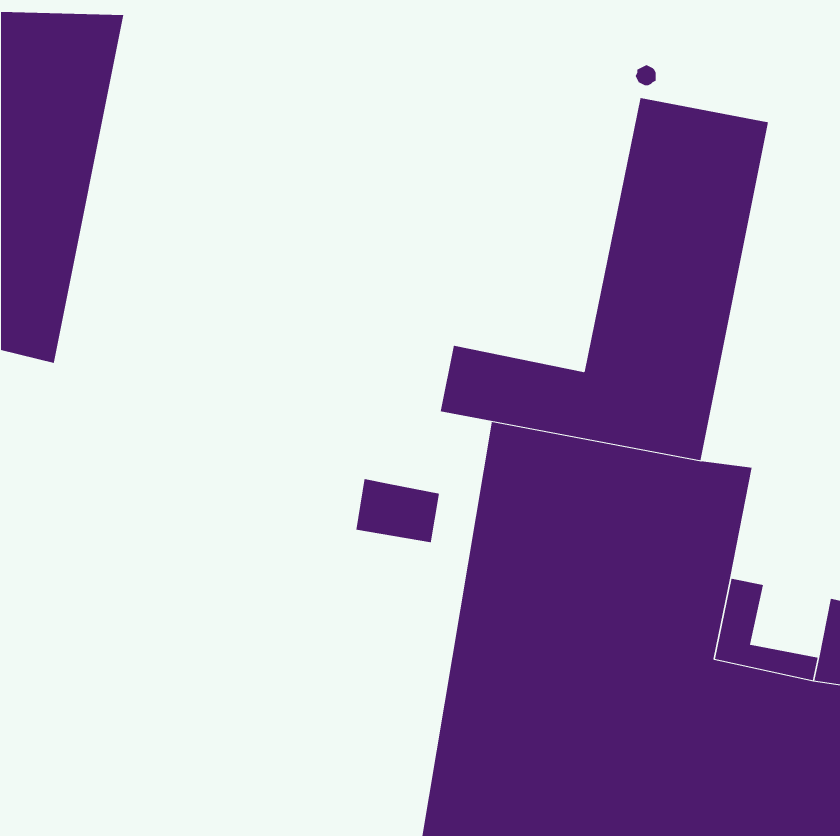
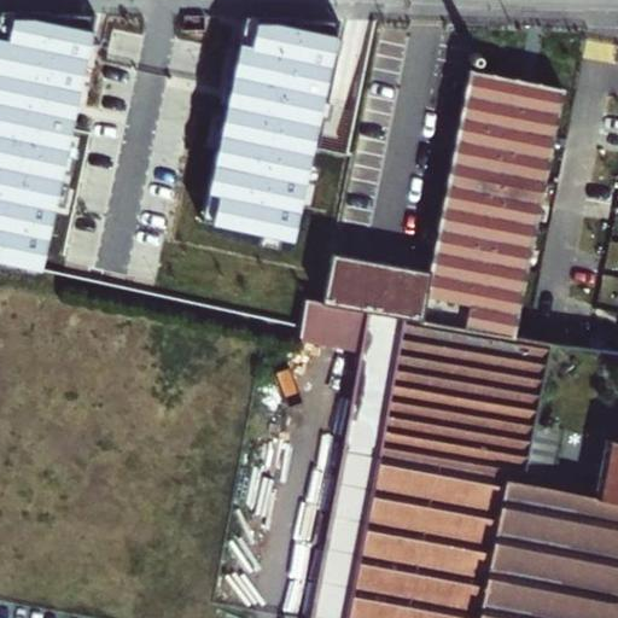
building: none -> [205,22,339,245]
building: [356,478,440,543] -> [301,303,362,350]

